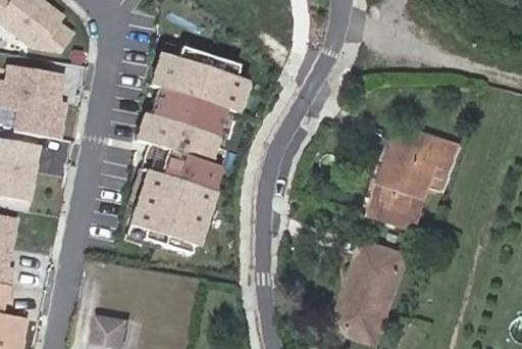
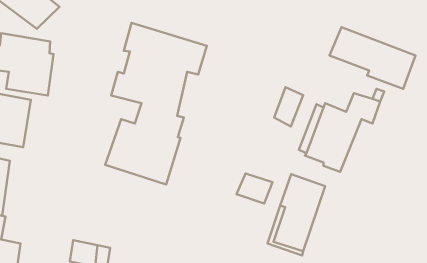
building: none -> [330,27,415,89]
building: none -> [274,87,303,126]
building: none -> [236,173,272,204]

